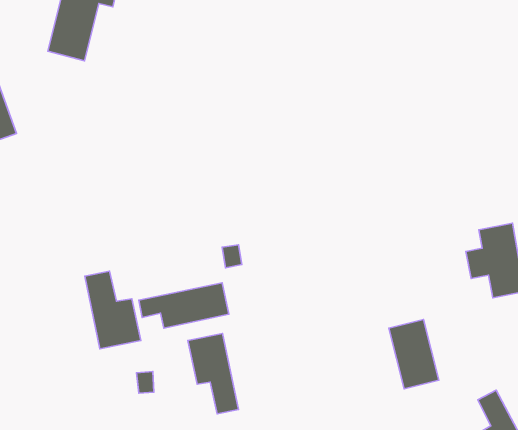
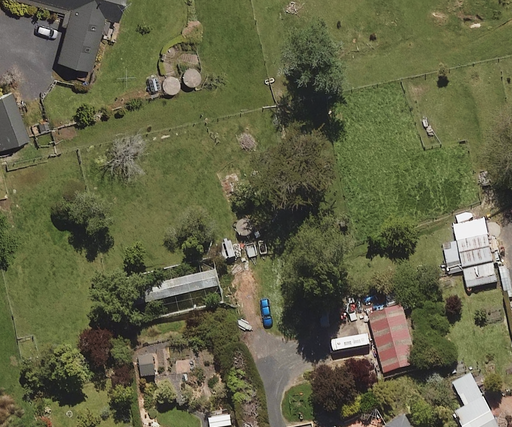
building: [85,271,141,349] -> none
building: [188,333,238,414] -> none

